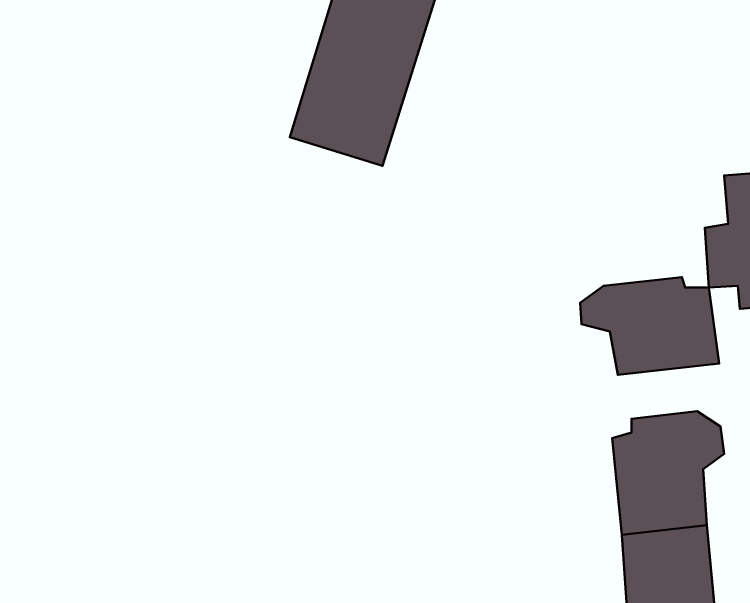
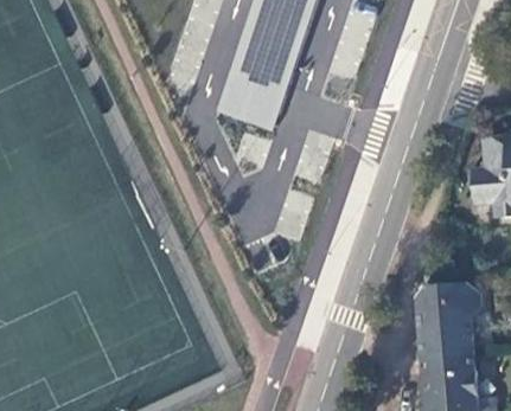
building: [580,277,719,375] -> none

